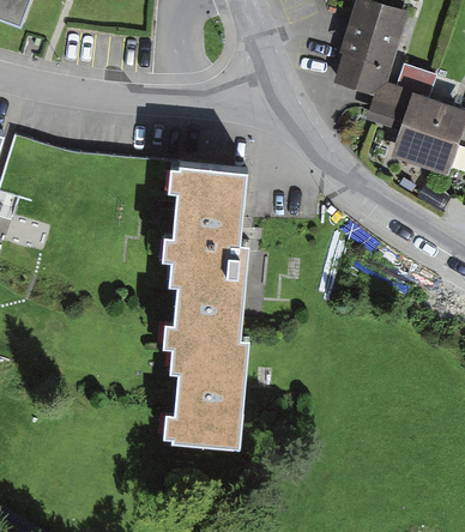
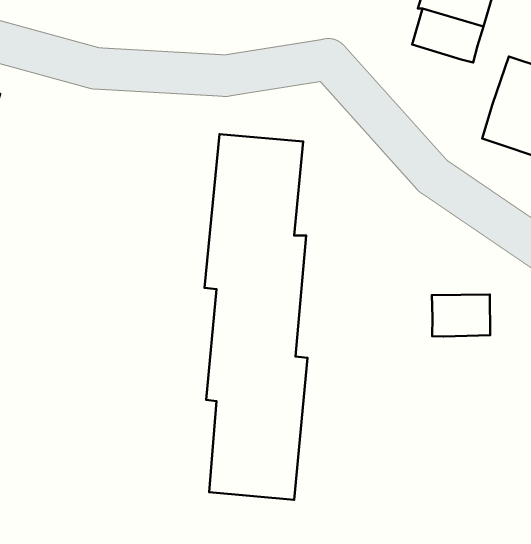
building: [367,83,412,129] -> none
building: none -> [432,295,490,336]

